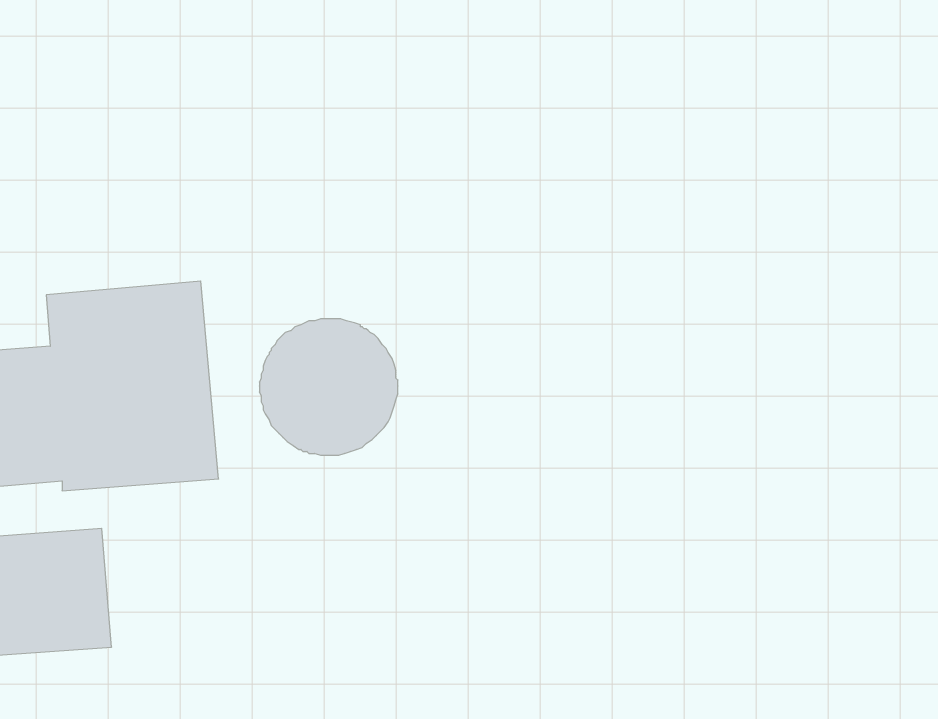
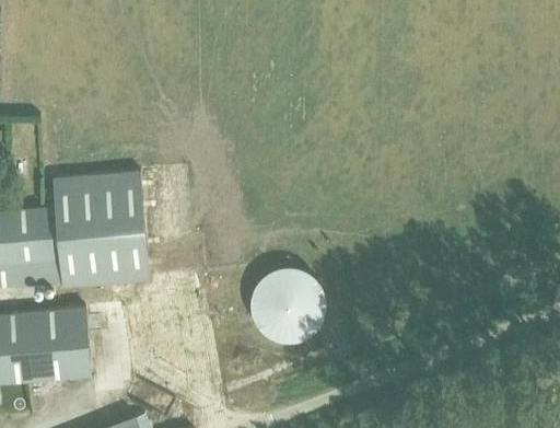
building: [259,319,398,455] -> [249,267,326,343]

